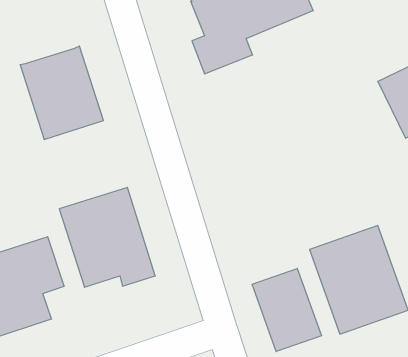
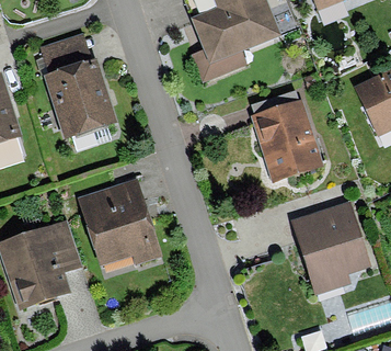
building: none -> [39,33,91,71]
building: none -> [257,105,329,188]
building: [252,268,321,352] -> none

